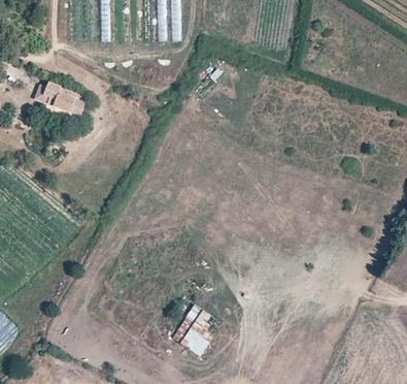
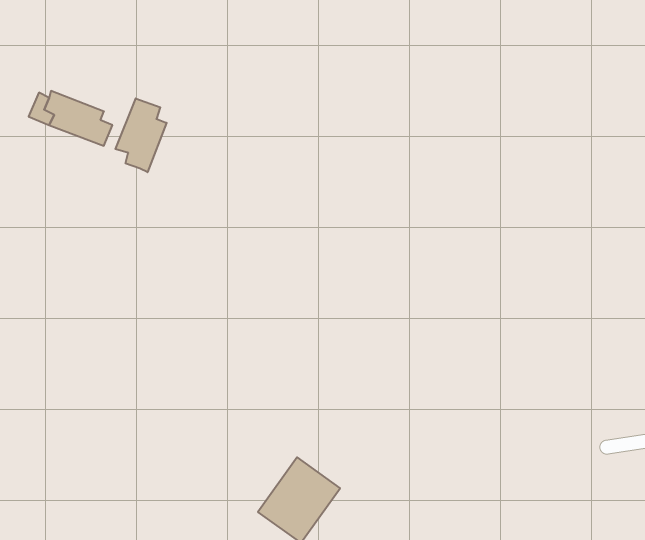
building: none -> [115,98,167,172]

